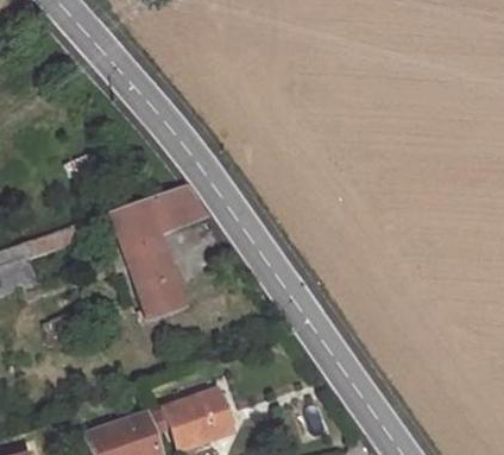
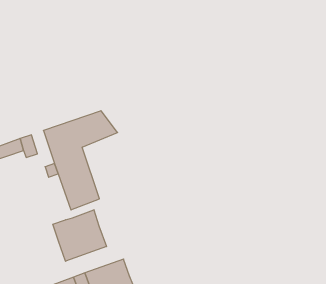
building: none -> [53,210,106,261]

